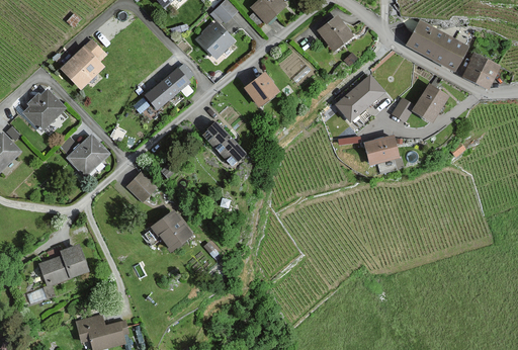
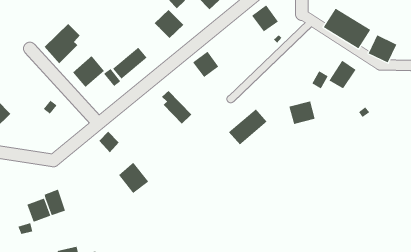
building: [336,75,384,120] -> [228,108,267,145]
building: [23,88,66,130] -> none
building: [68,134,108,174] -> [72,55,105,88]

